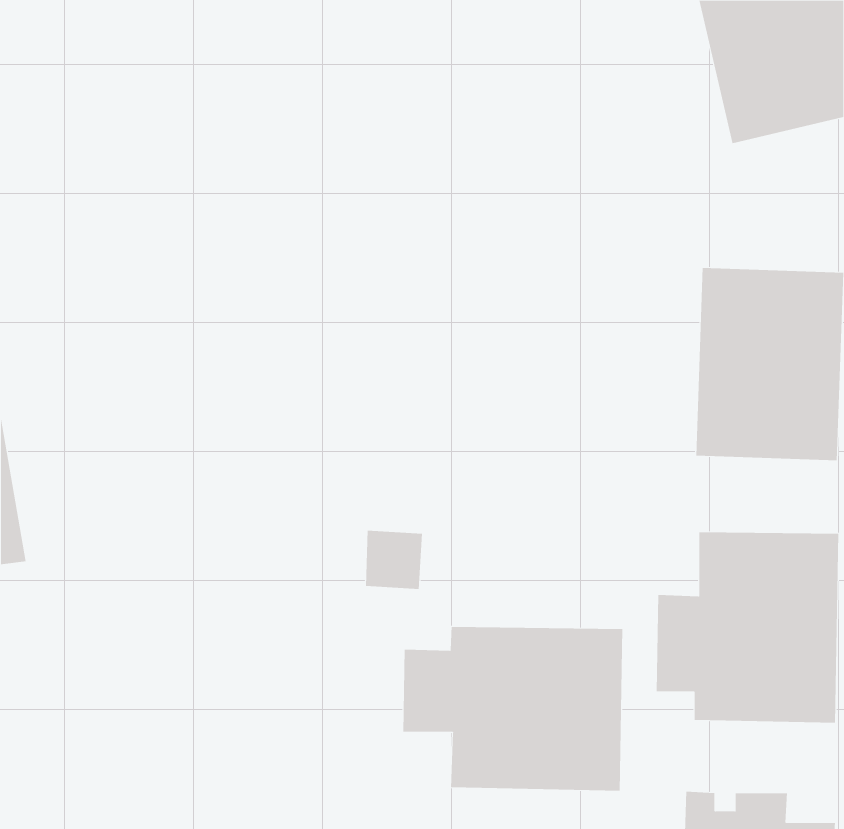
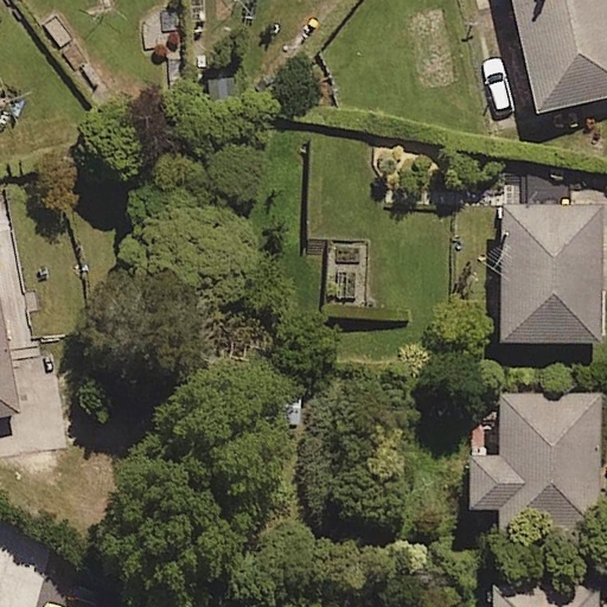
building: [403,626,623,791] -> none

